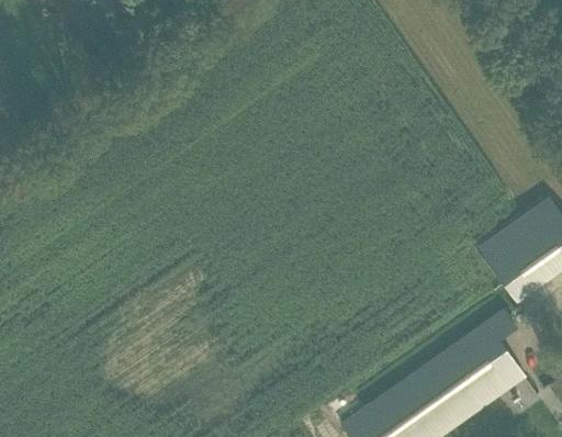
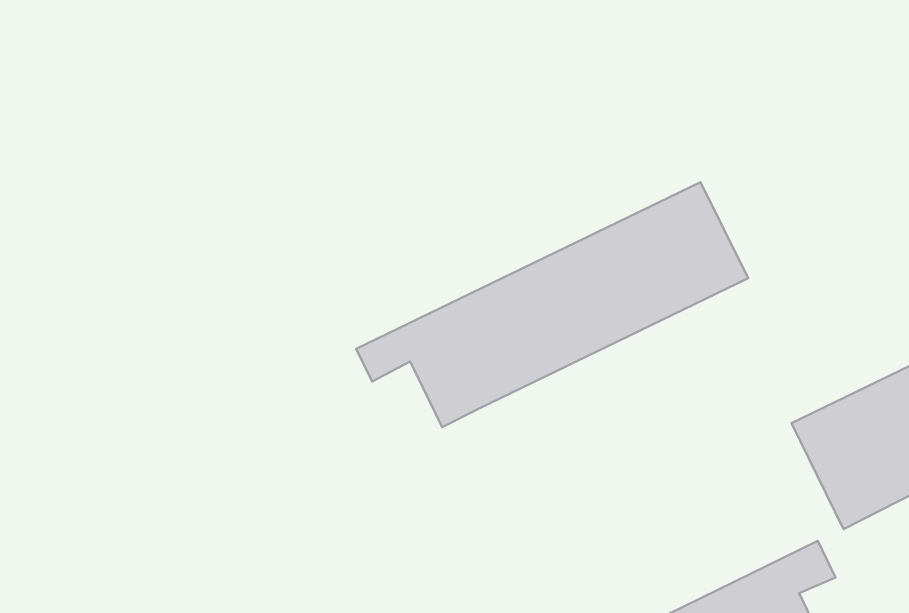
building: none -> [356,182,748,427]

